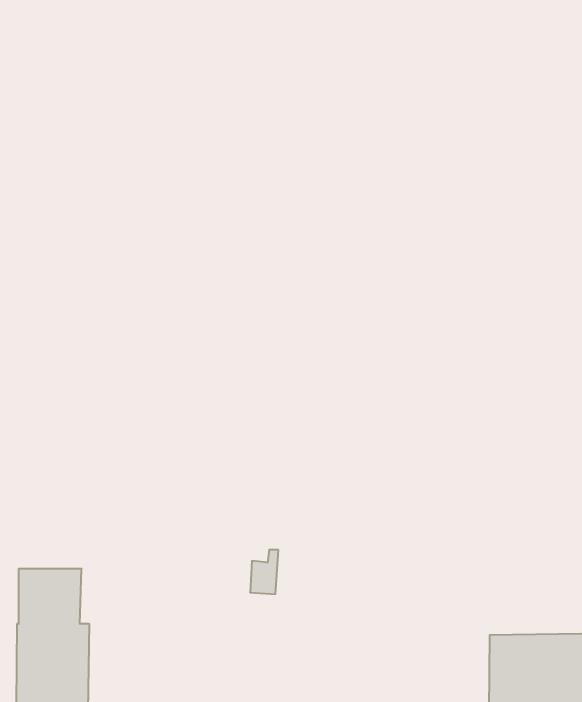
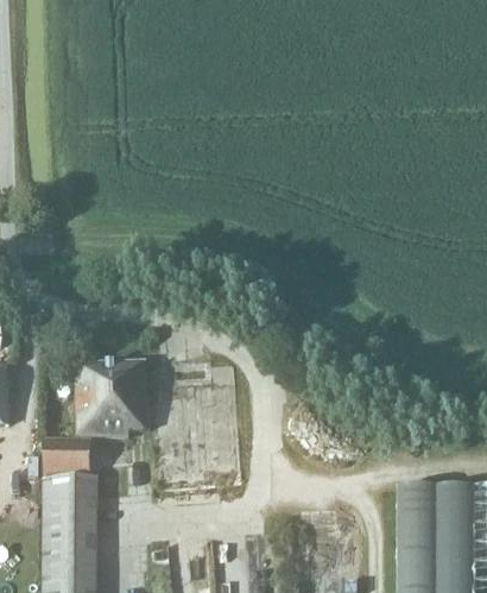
building: none -> [74,367,146,441]

